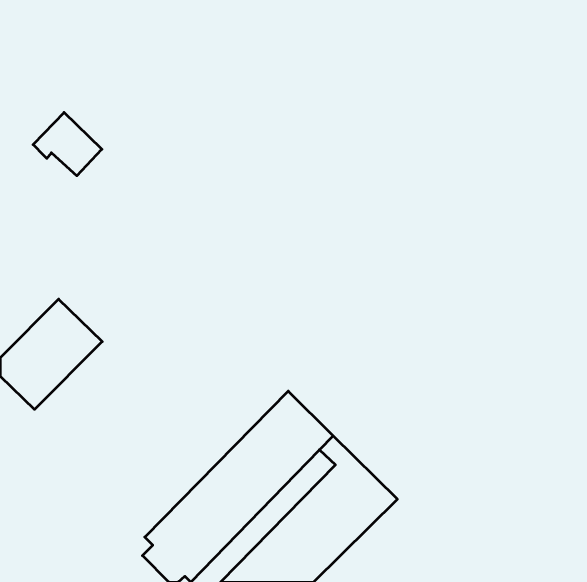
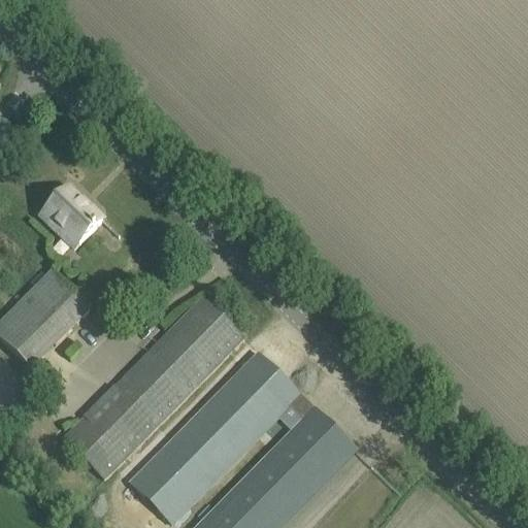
building: [33,112,102,176] -> [40,185,102,241]
building: none -> [63,296,244,477]

